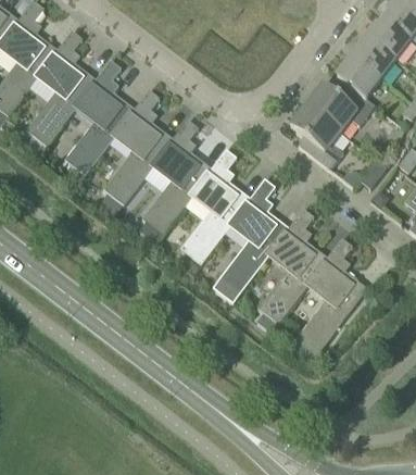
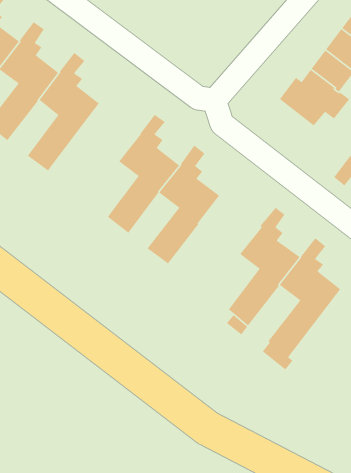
building: [102,89,173,204] -> none
building: [290,105,342,170] -> none
building: [215,178,289,302] -> none

